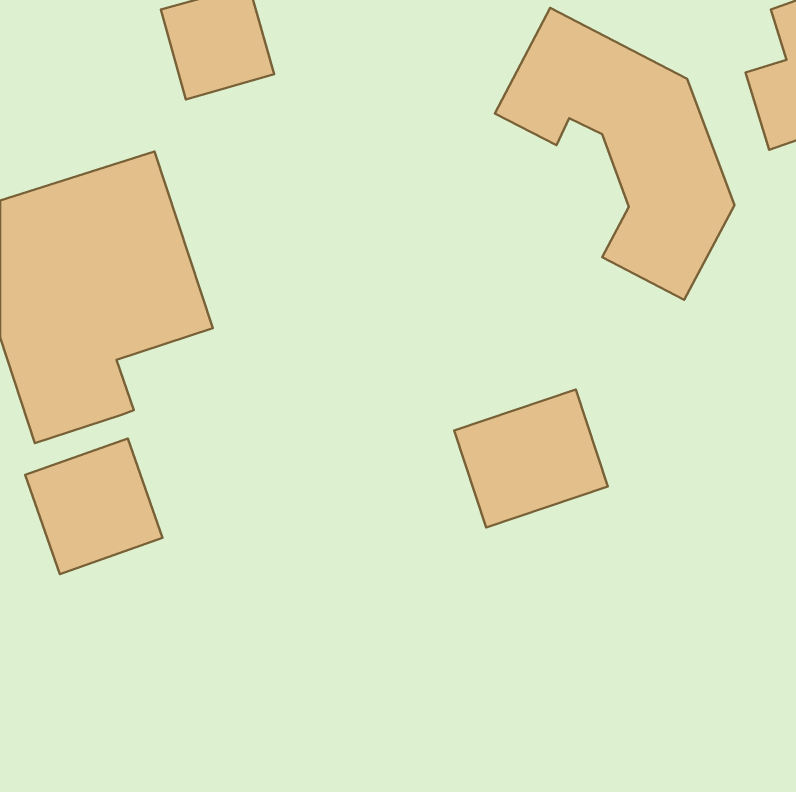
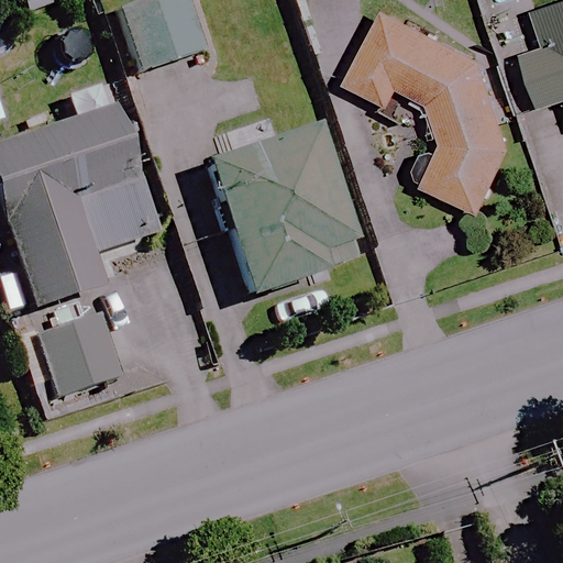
building: none -> [203,134,363,295]
building: [454,390,608,527] -> none

